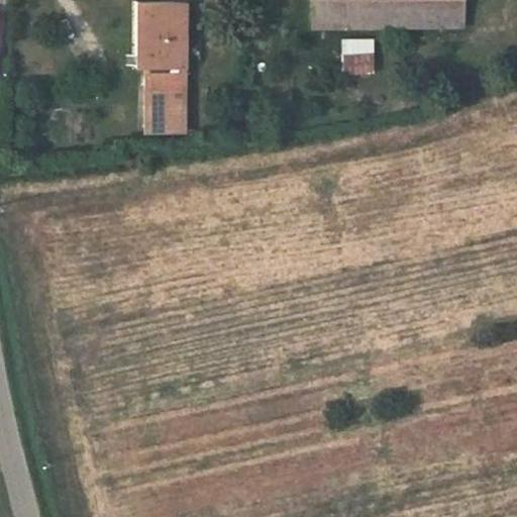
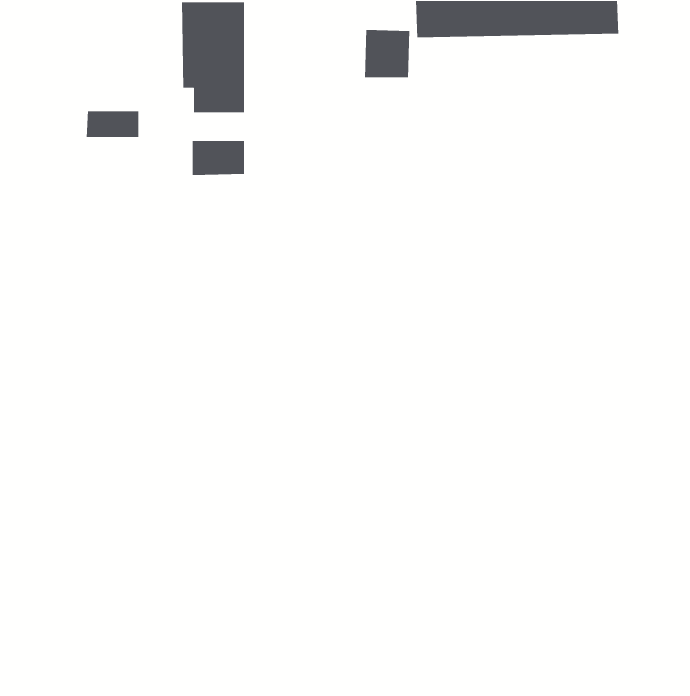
building: [341,36,376,73] -> [364,29,410,78]
building: [146,84,186,104] -> [86,111,139,138]

